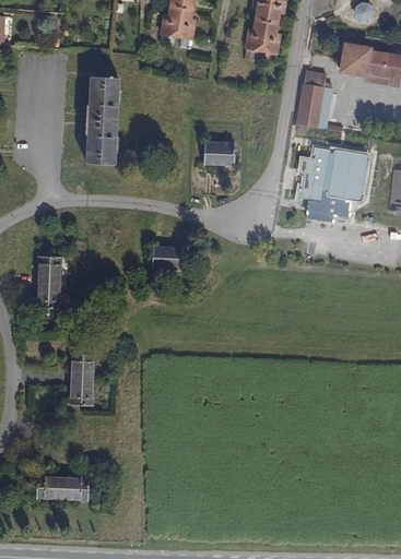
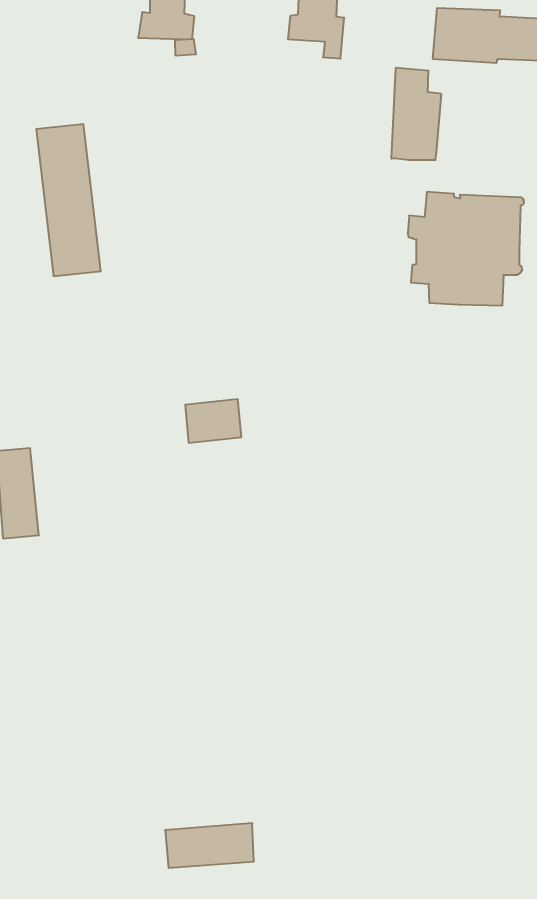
building: [205,141,236,163] -> none
building: [72,353,96,405] -> none
building: [39,476,91,501] -> [165,823,254,868]

